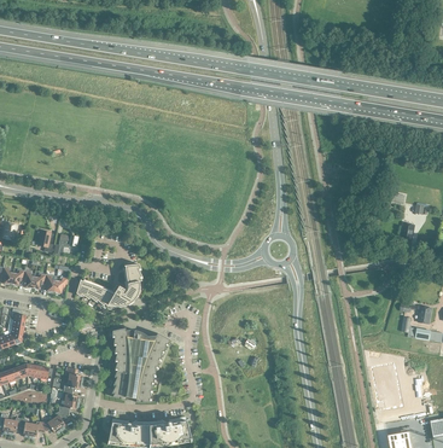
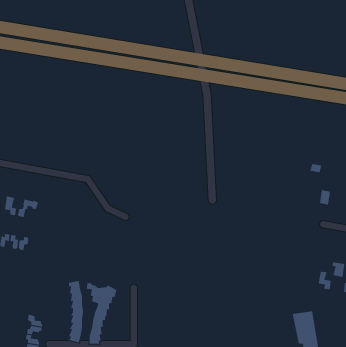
building: [75,263,142,306] -> none

